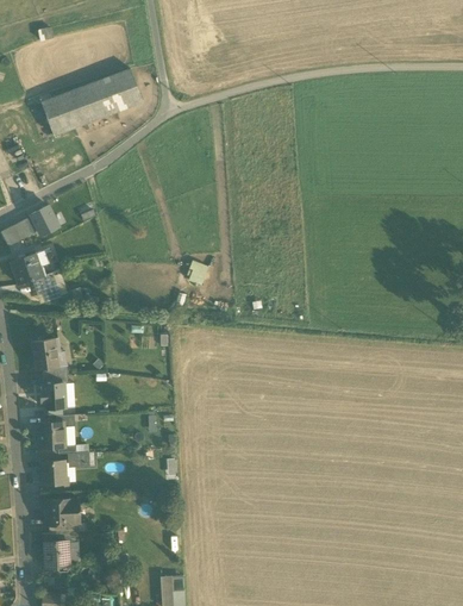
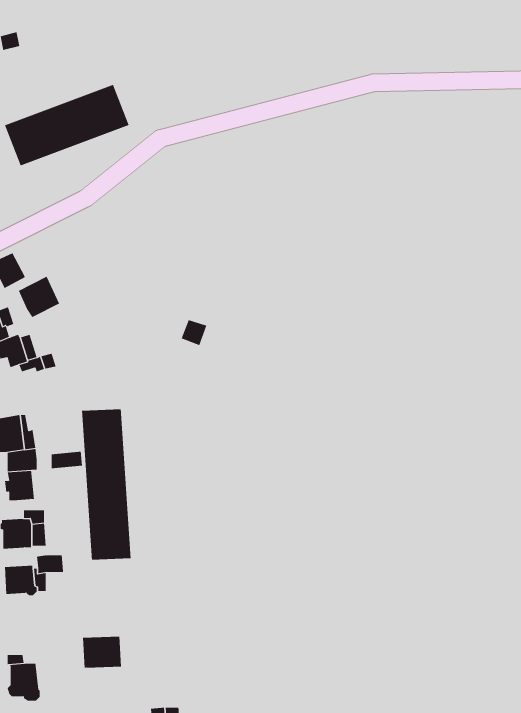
building: none -> [18,276,60,318]
building: none -> [82,408,131,560]
building: [45,499,77,525] -> [82,636,122,668]

